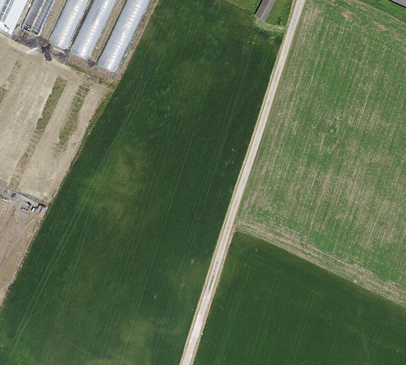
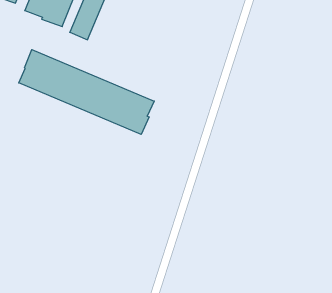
building: none -> [19,50,154,134]

